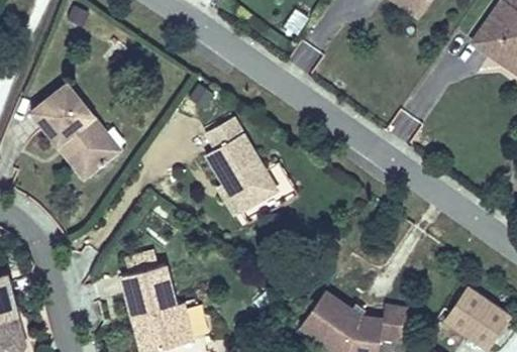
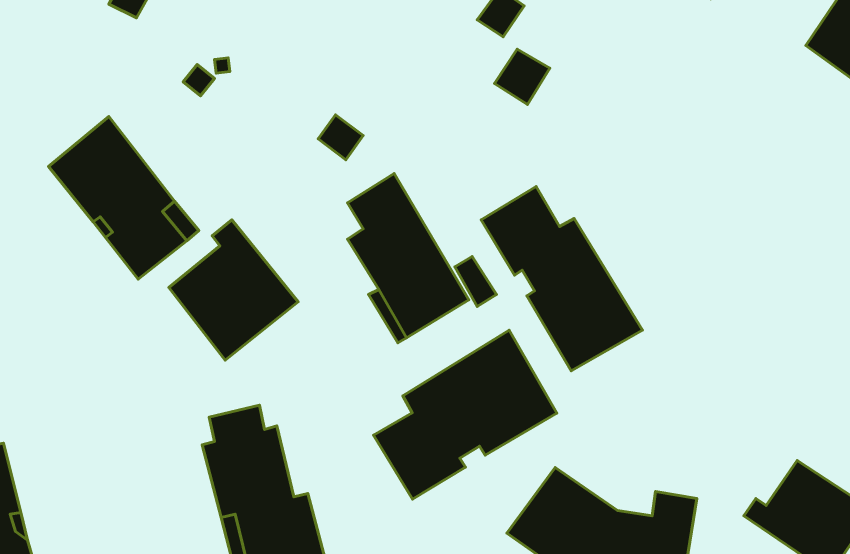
building: none -> [481,186,643,371]
building: none -> [169,220,298,360]
building: none -> [374,330,557,499]

